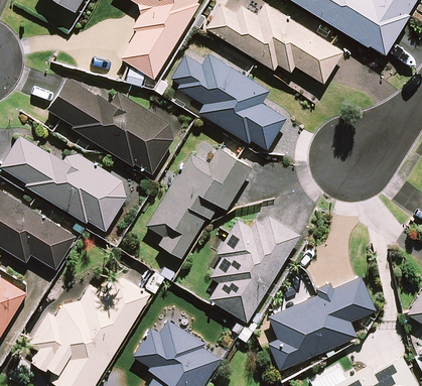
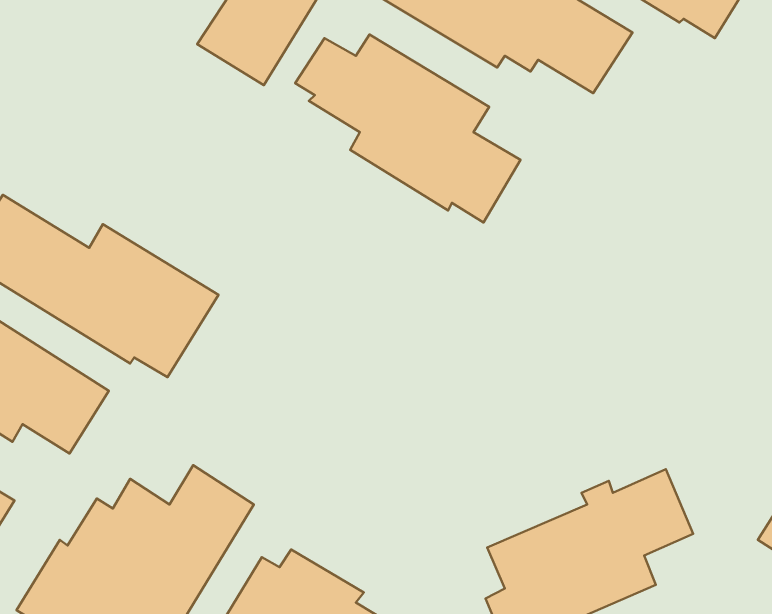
building: [48,79,177,175] -> none
building: [145,147,252,258] -> none
building: [208,216,300,323] -> none

